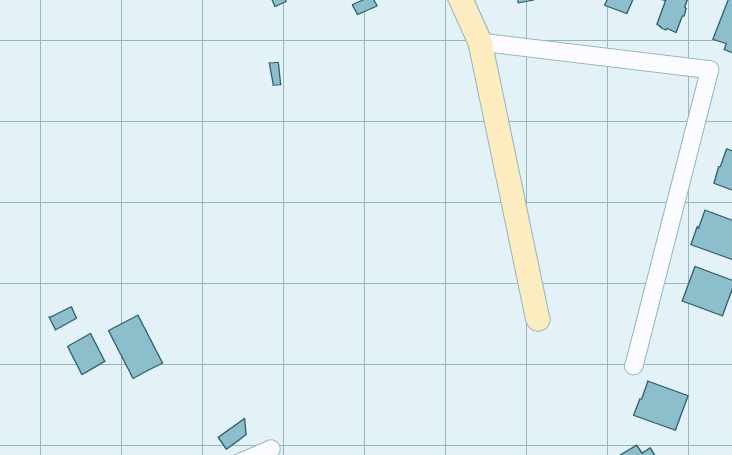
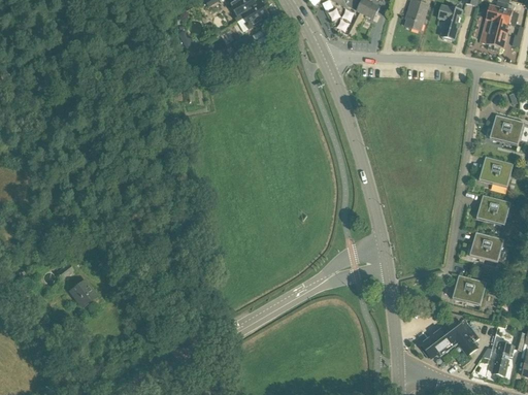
building: [108,315,163,378] -> none
building: none -> [468,232,503,263]

